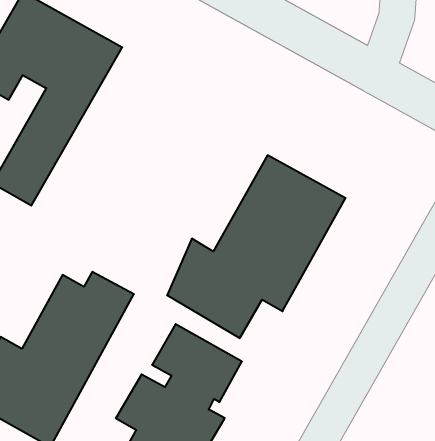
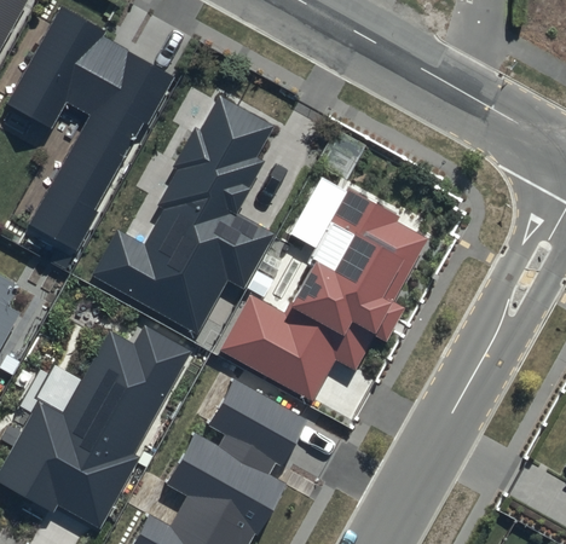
building: none -> [89,96,271,328]

